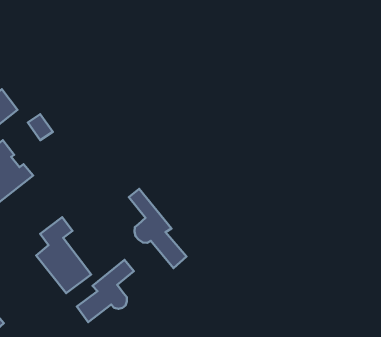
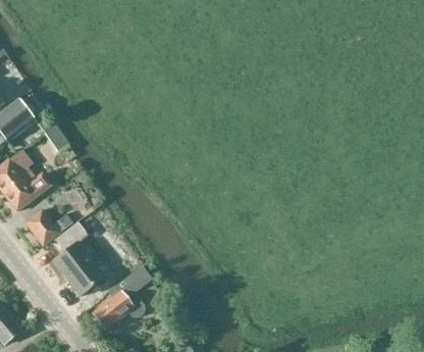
building: [129,189,186,268] -> none
building: none -> [24,206,74,246]

